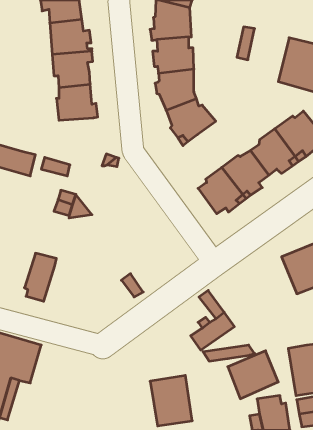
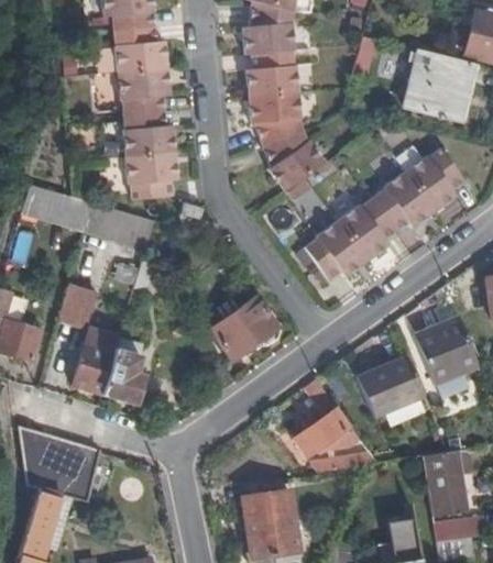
building: none -> [123,154,176,203]
building: none -> [59,279,96,324]
building: none -> [210,298,281,361]
building: none -> [103,347,143,402]
building: [228,351,278,399] -> [359,357,425,420]

